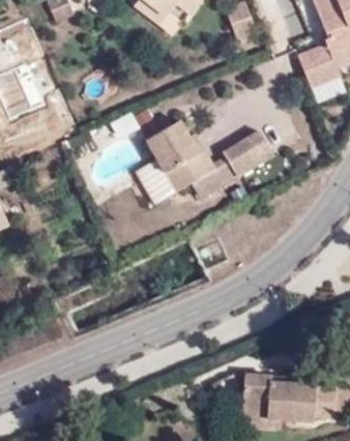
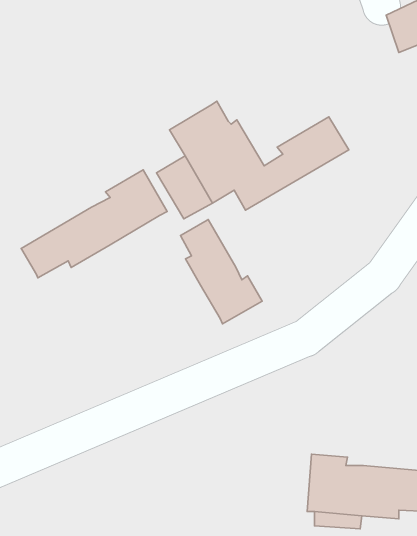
building: none -> [21,170,167,278]
building: none -> [180,220,262,324]

